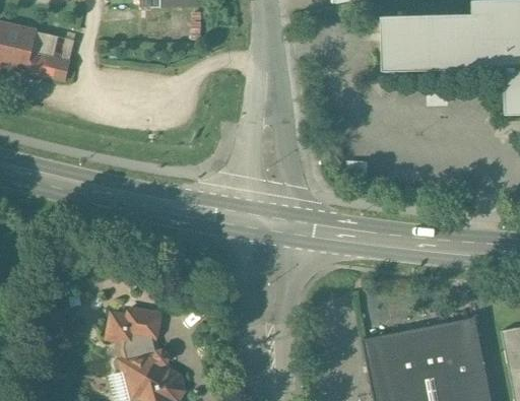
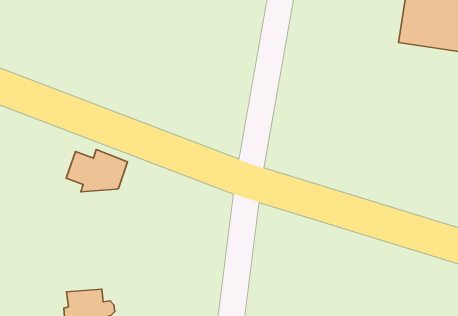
building: [107,308,159,348] -> [66,150,128,192]

